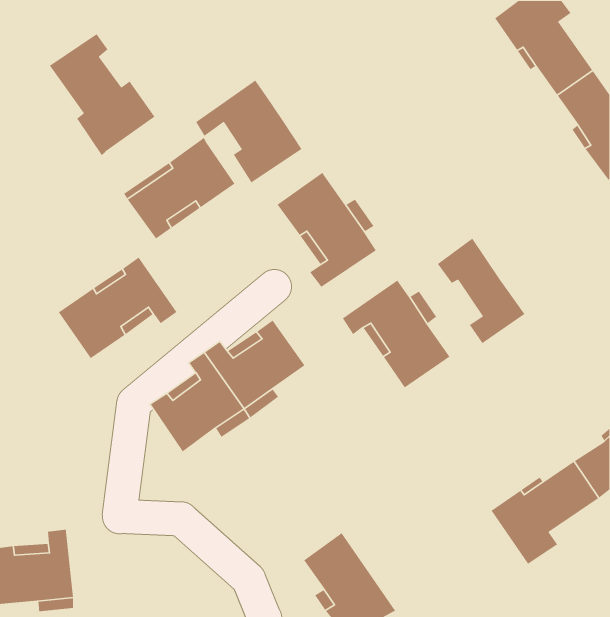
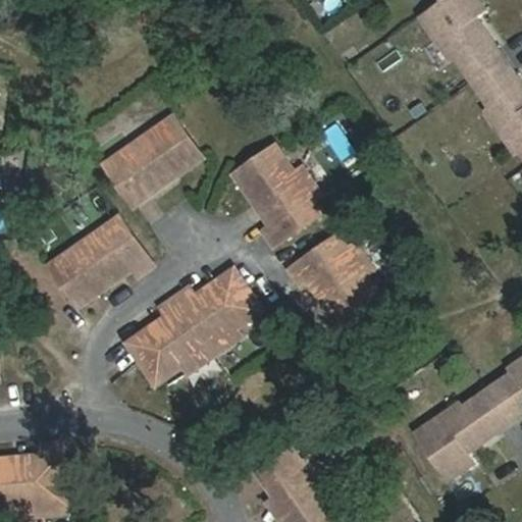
building: [49,33,156,156] -> none
building: [195,80,302,183] -> none
building: [437,237,525,344] -> none

